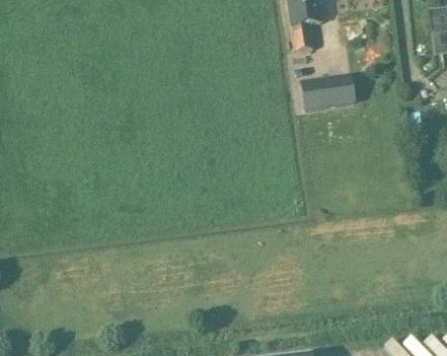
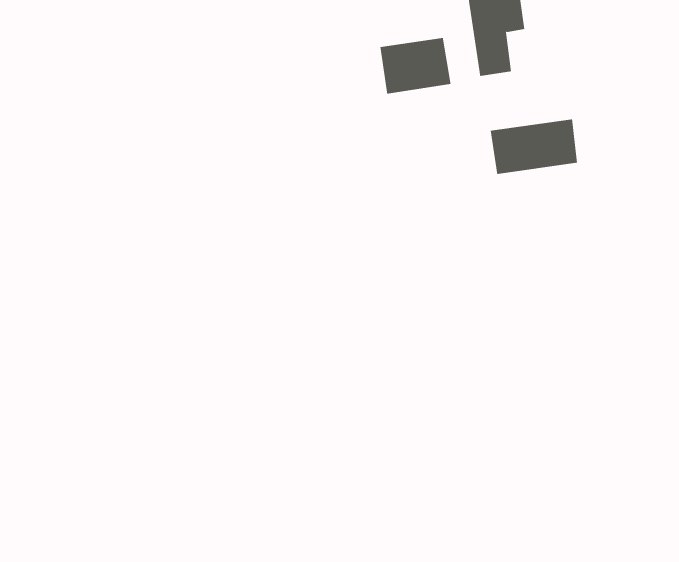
building: none -> [380,37,451,94]

